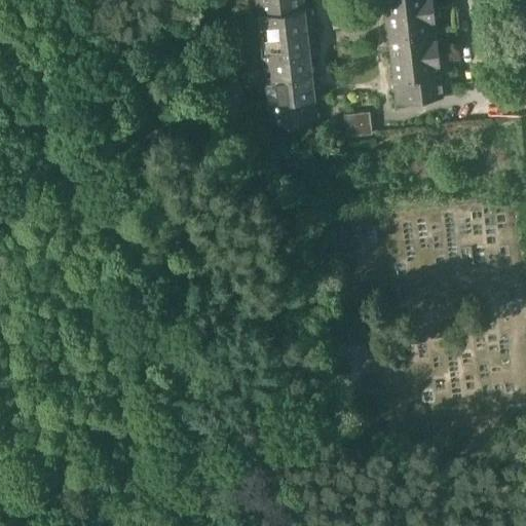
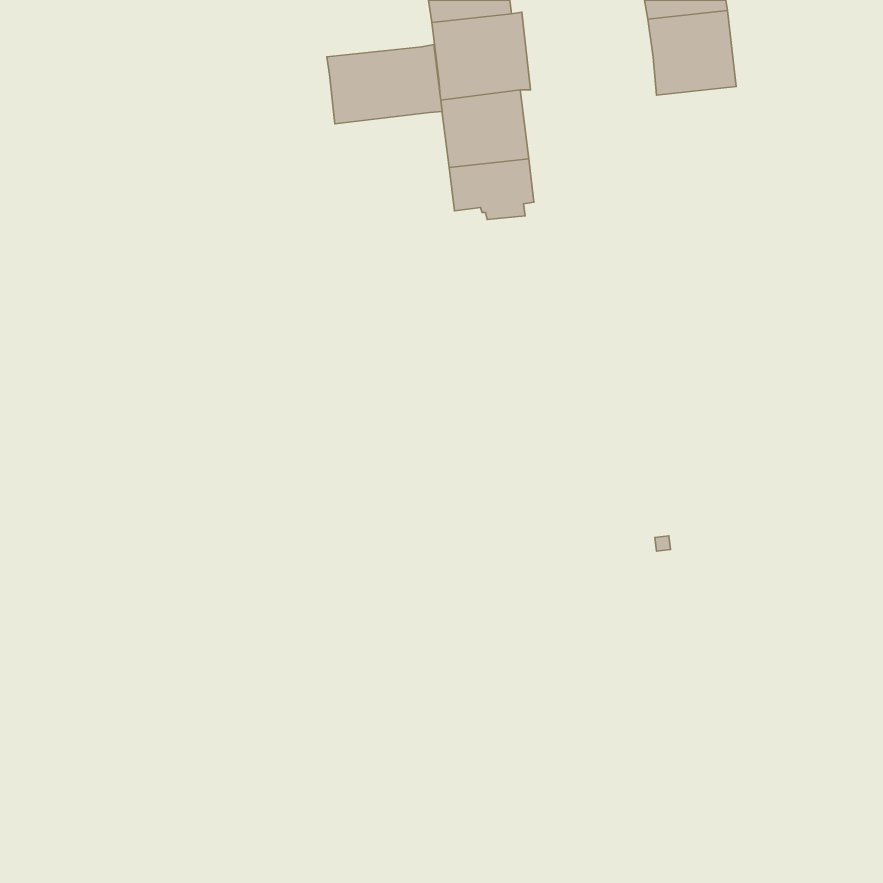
building: none -> [327,44,442,124]
building: [390,51,443,101] -> none
building: [344,111,373,136] -> none

